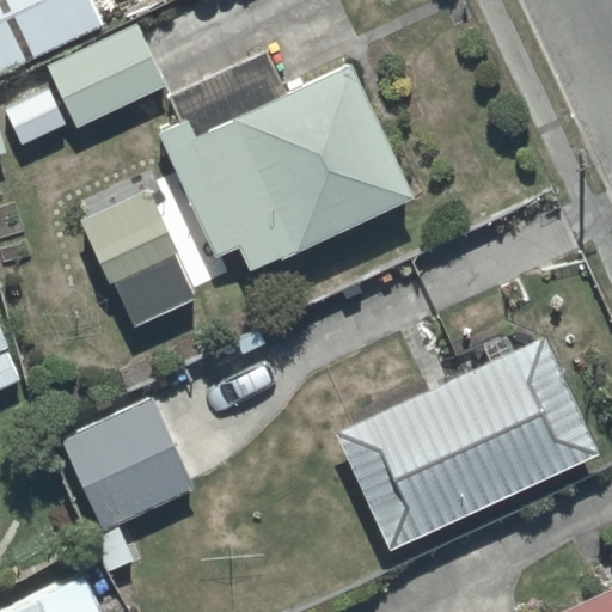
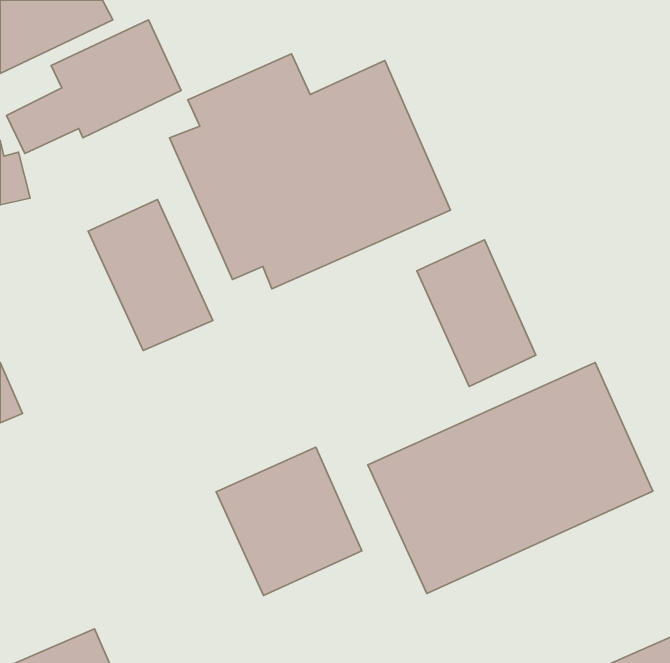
building: none -> [417,240,536,387]
building: [60,397,192,532] -> [216,447,362,596]

